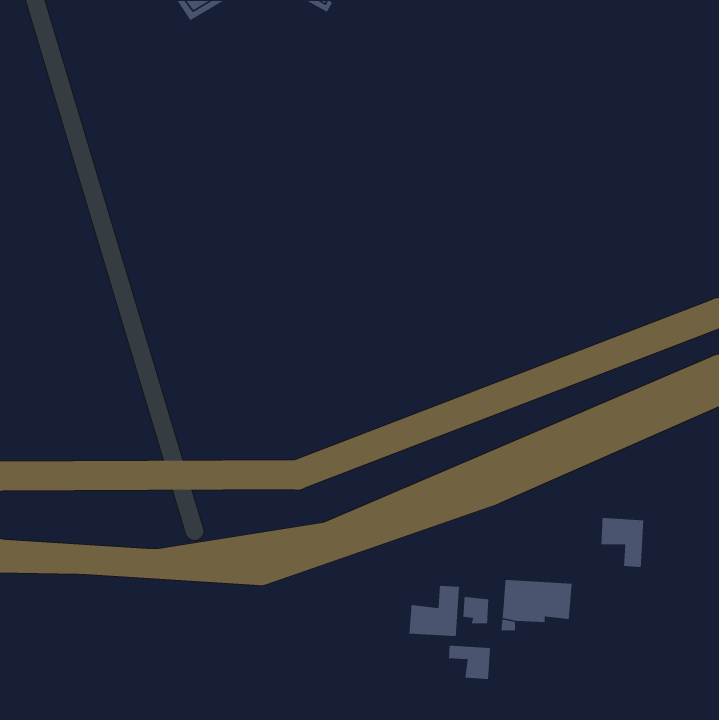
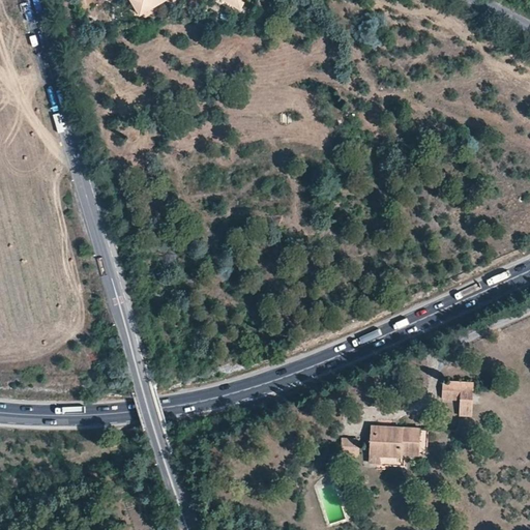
building: [409,585,460,637] -> none
building: [448,645,491,680] -> none

